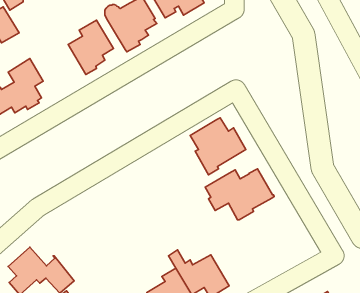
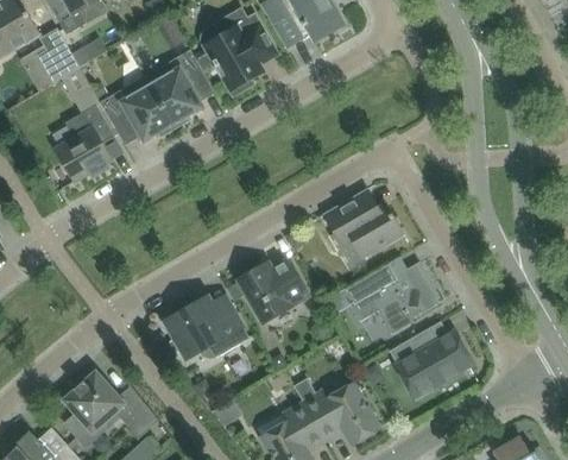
building: none -> [100,84,175,144]
building: none -> [238,260,309,323]
building: none -> [164,294,248,360]
building: none -> [390,326,473,397]

